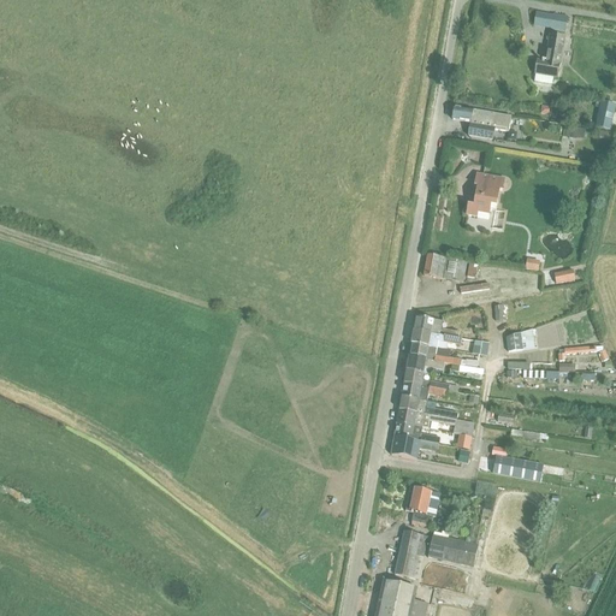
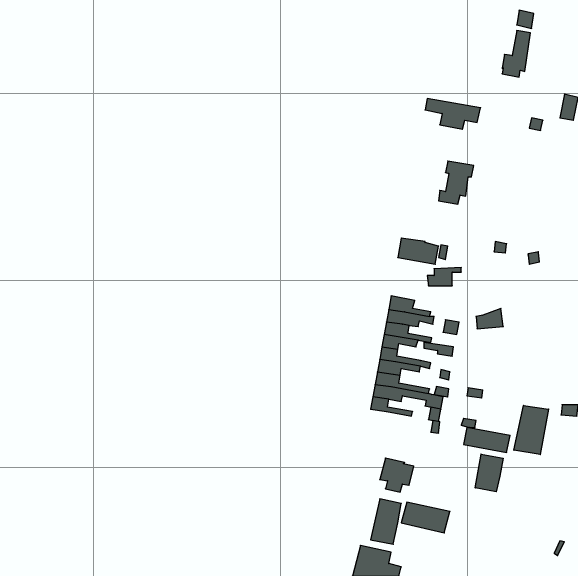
building: none -> [514,405,549,455]
building: [390,434,430,457] -> none
building: none -> [475,454,503,492]

